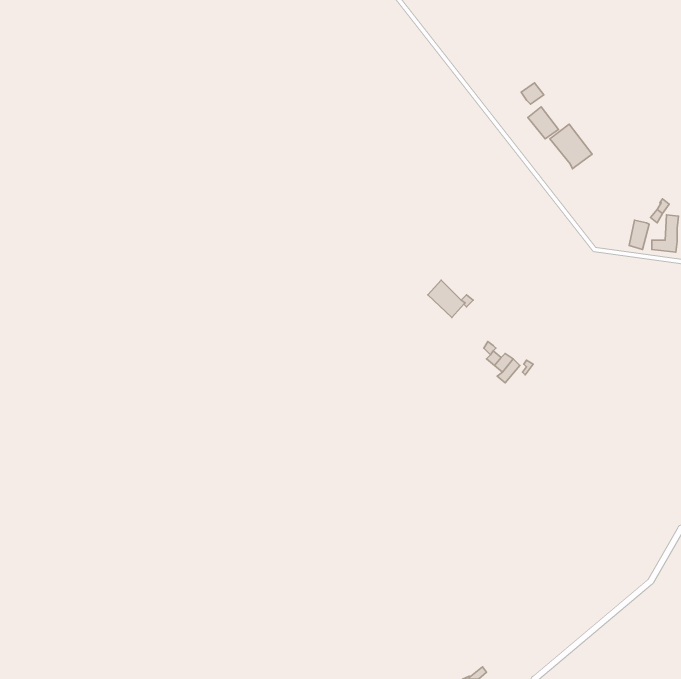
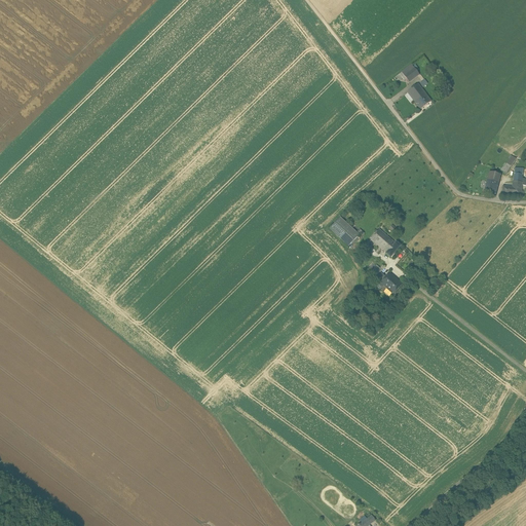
building: [550,124,592,169] -> none
building: none -> [370,227,400,257]

